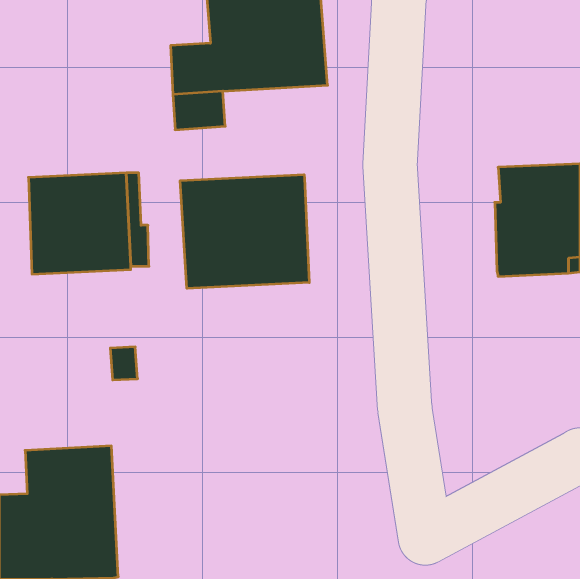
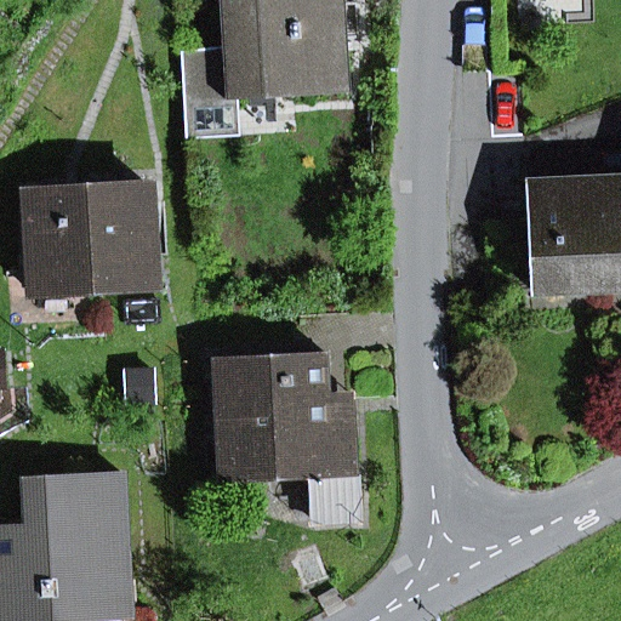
building: [180,175,309,288] -> none
building: none -> [213,354,359,520]

